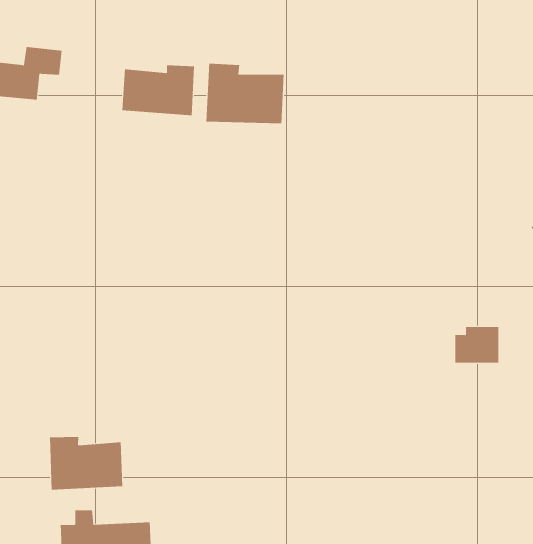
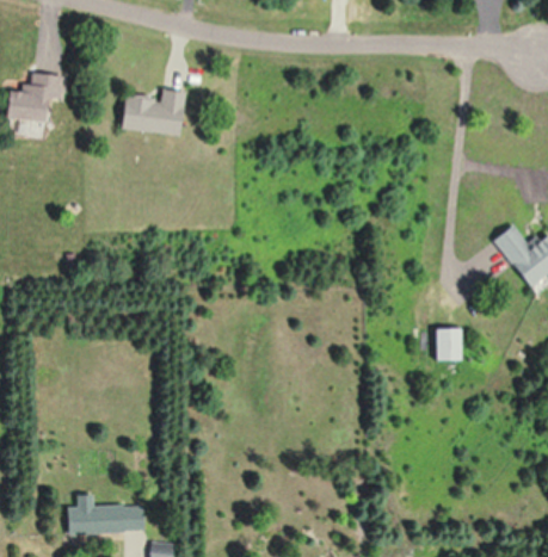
building: [206,63,284,124] -> none
building: [50,436,123,491] -> none

